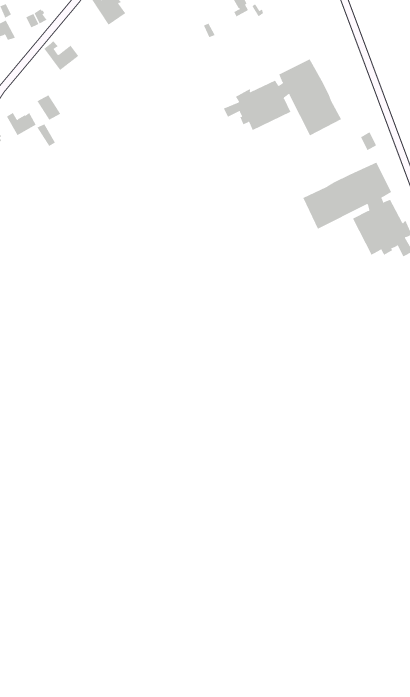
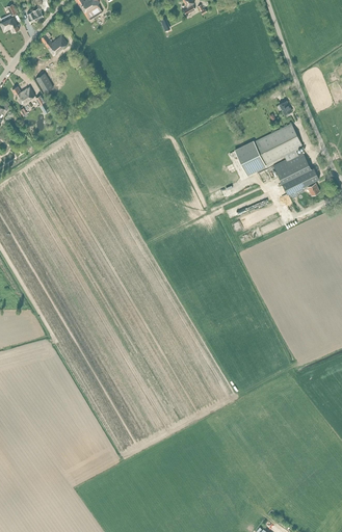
building: [223,58,342,136] -> none

